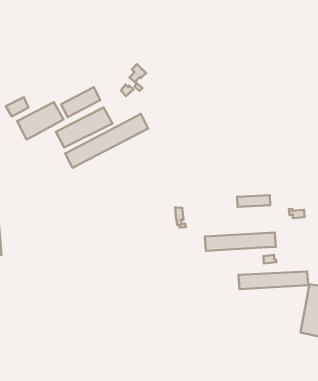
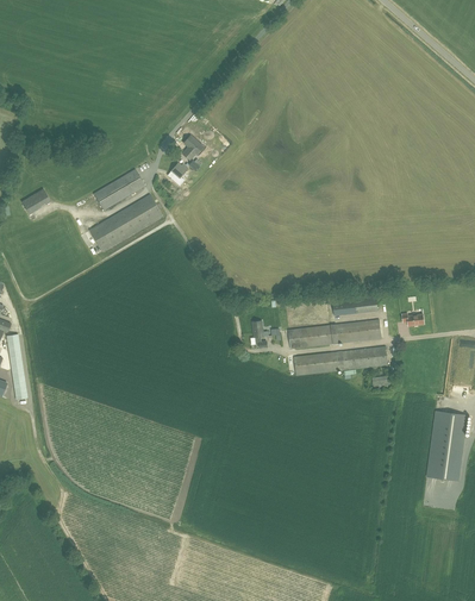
building: [17,102,63,139] -> none
building: [65,114,148,168] -> none
building: [238,272,308,289] -> [288,319,381,348]

